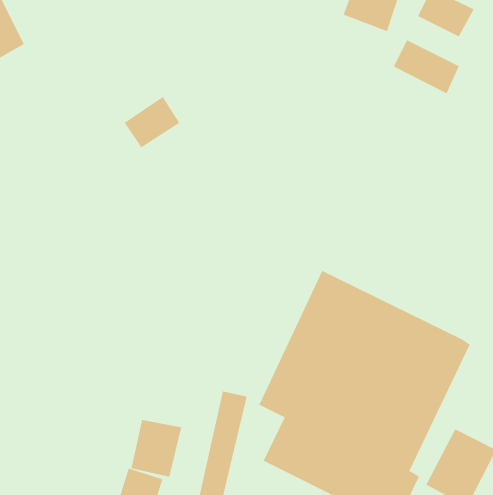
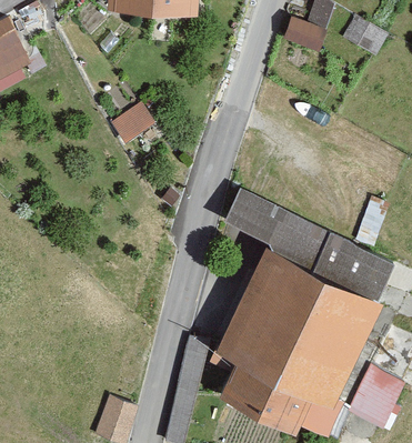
building: [393,40,459,94] -> none
building: none -> [225,190,394,295]
building: [131,419,182,477] -> none

